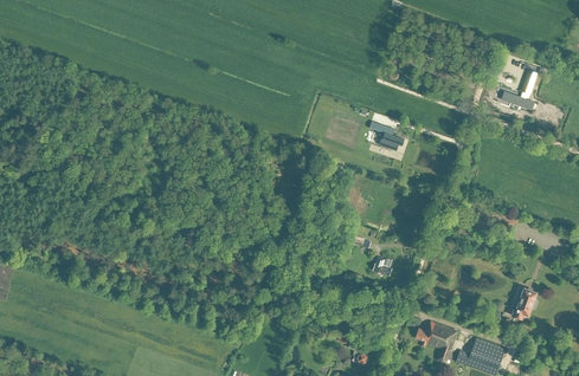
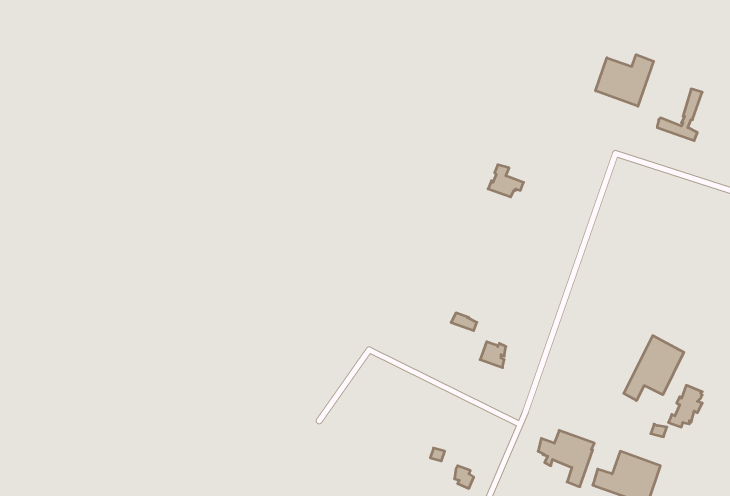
building: none -> [596,55,654,106]
building: none -> [624,336,684,401]

